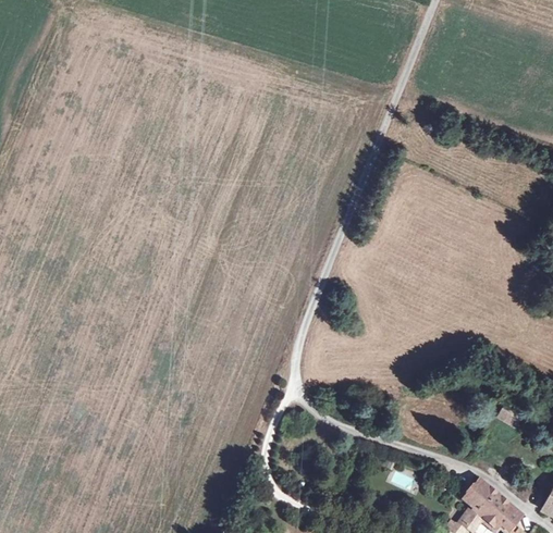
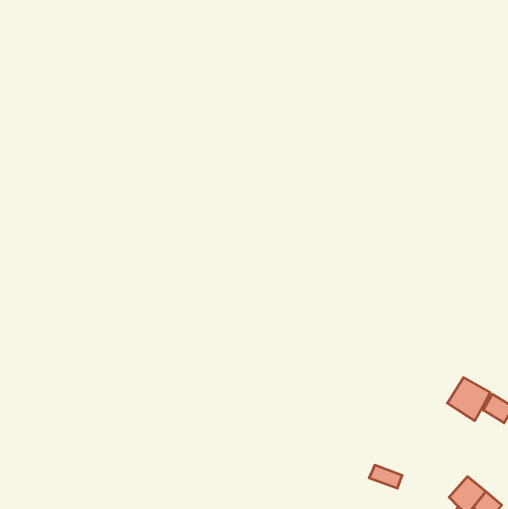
building: none -> [447,378,490,421]

